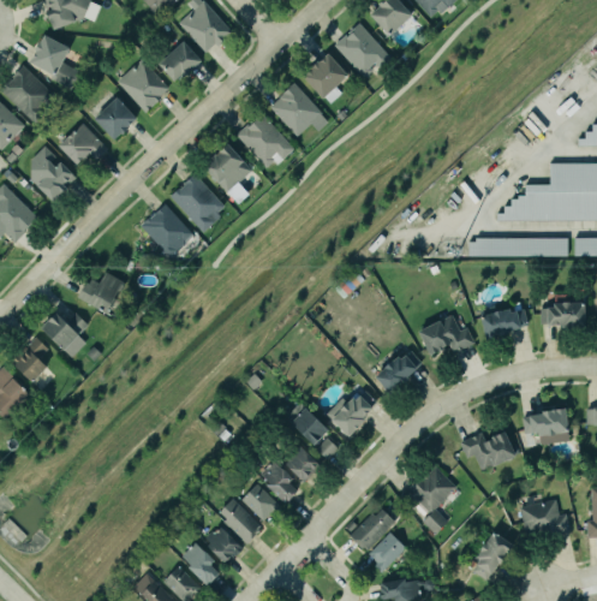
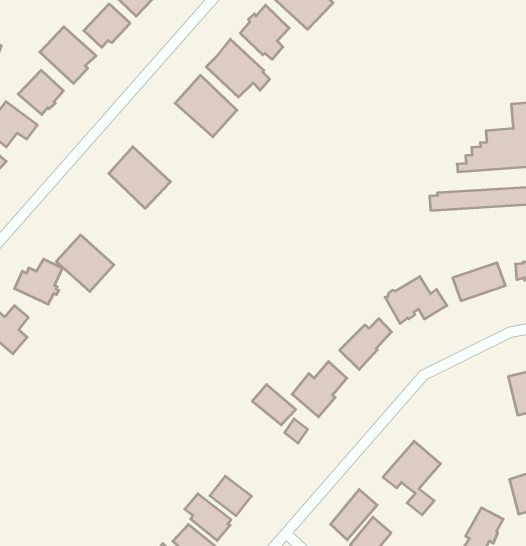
building: [202,143,251,191] -> none
building: [142,204,195,257] -> [56,235,114,292]
building: [460,432,515,470] -> none
building: [259,445,321,502] -> none

